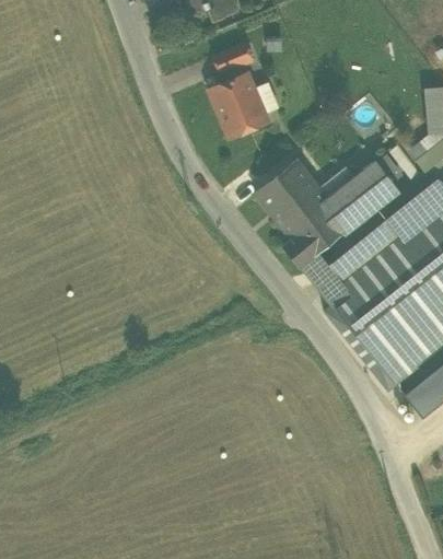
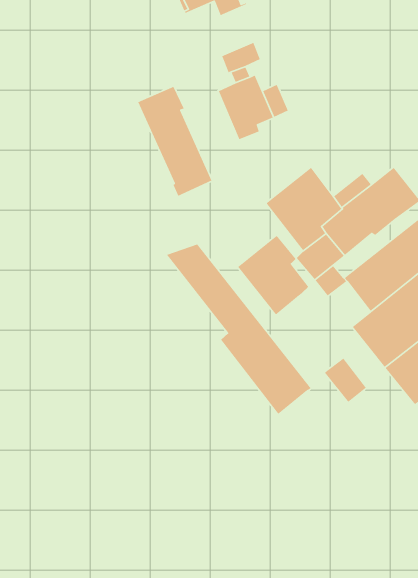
building: none -> [137,86,212,197]
building: none -> [237,235,309,316]
building: none -> [166,243,312,415]
building: [314,268,354,311] -> [324,357,367,403]

